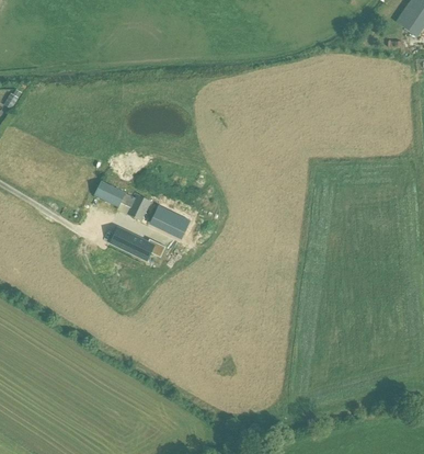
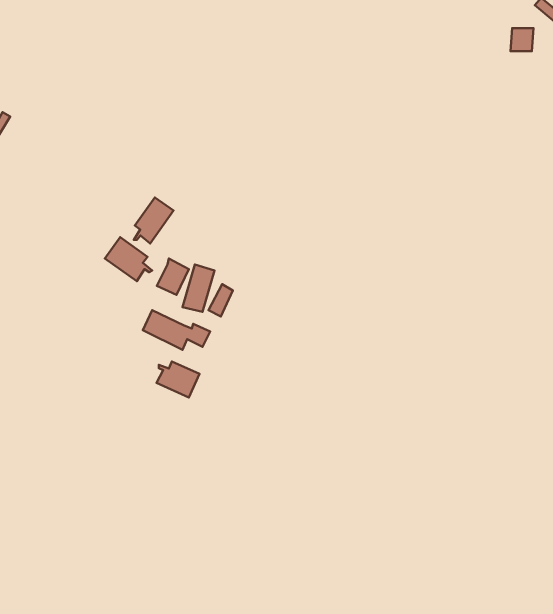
building: none -> [134,197,173,243]
building: none -> [157,361,200,398]

